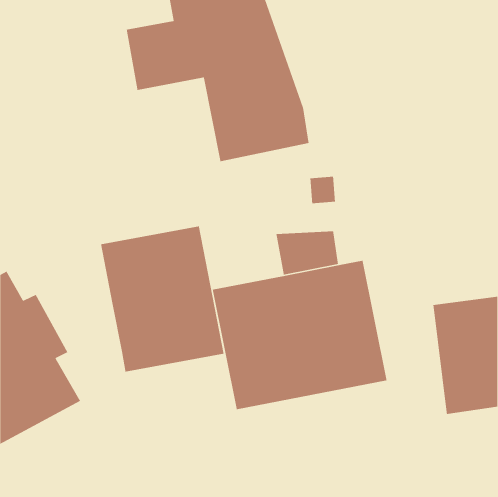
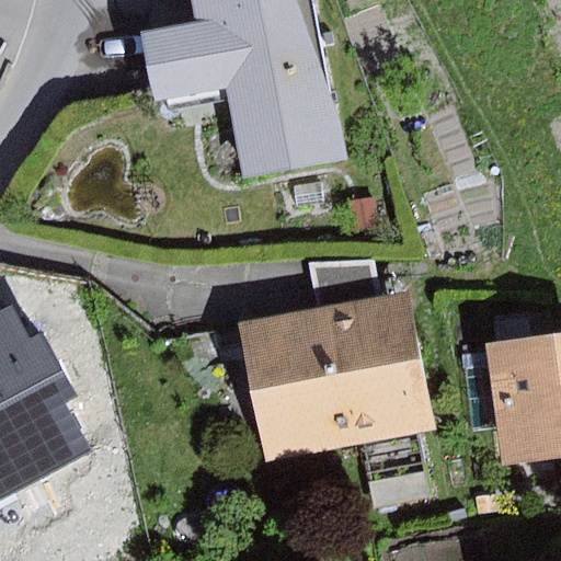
building: [100,225,224,372] -> none

